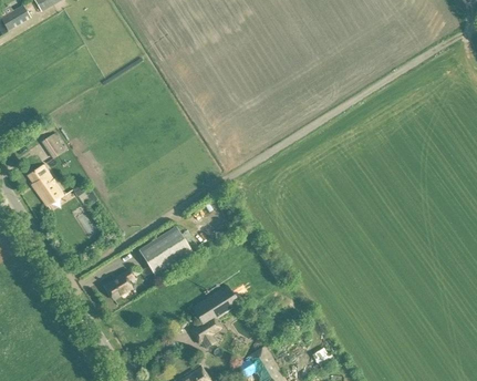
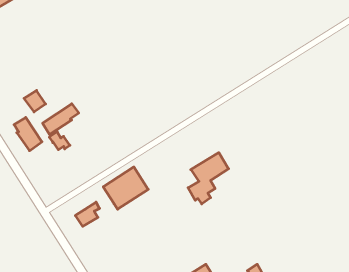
building: none -> [43,104,79,134]
building: [187,286,237,349] -> [188,153,229,204]

